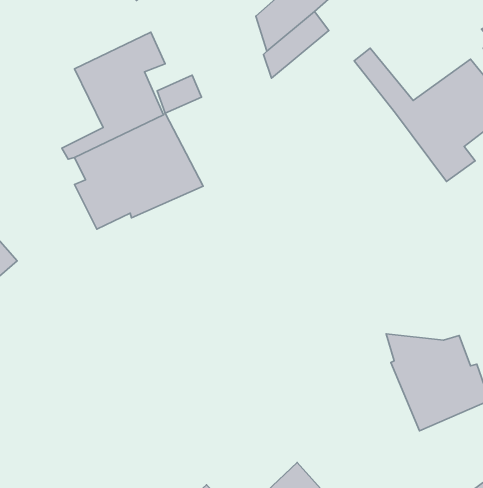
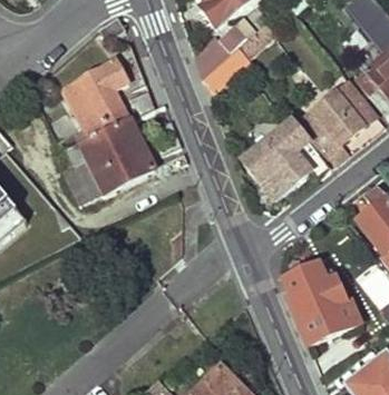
building: none -> [243,119,328,198]

